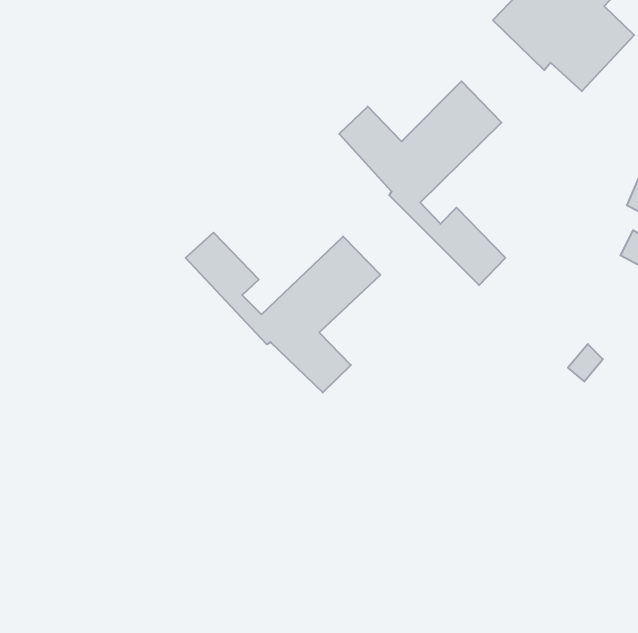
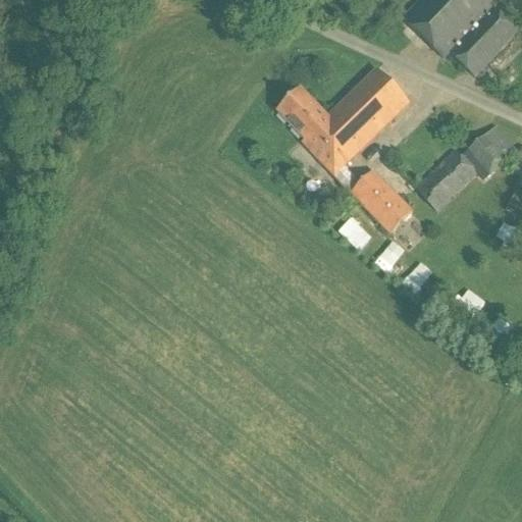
building: none -> [416,125,515,210]
building: [186,233,380,393] -> none

